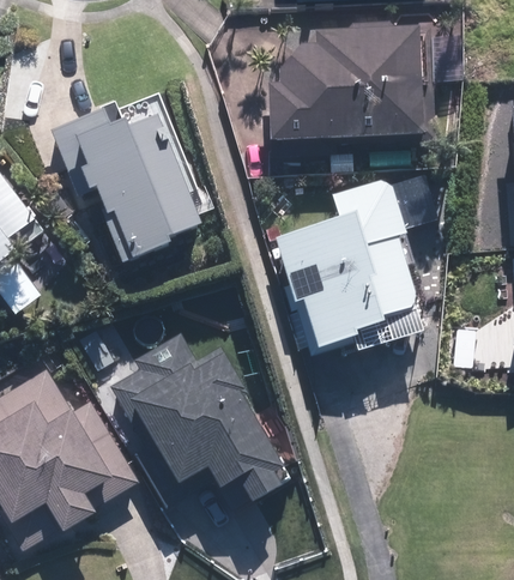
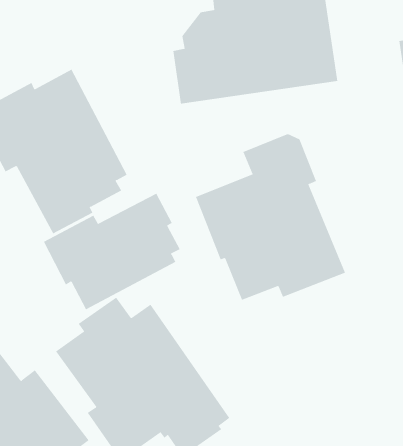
building: none -> [43,193,180,310]

